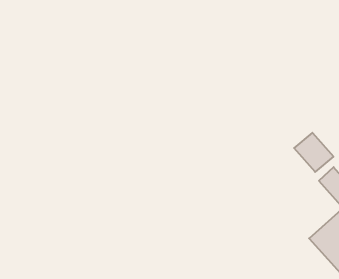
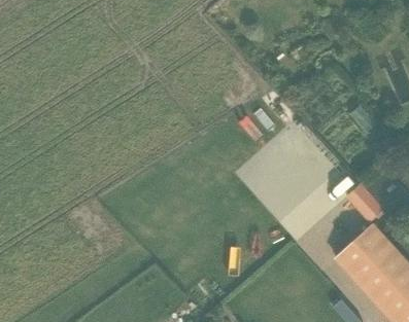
building: [294,133,333,172] -> none

